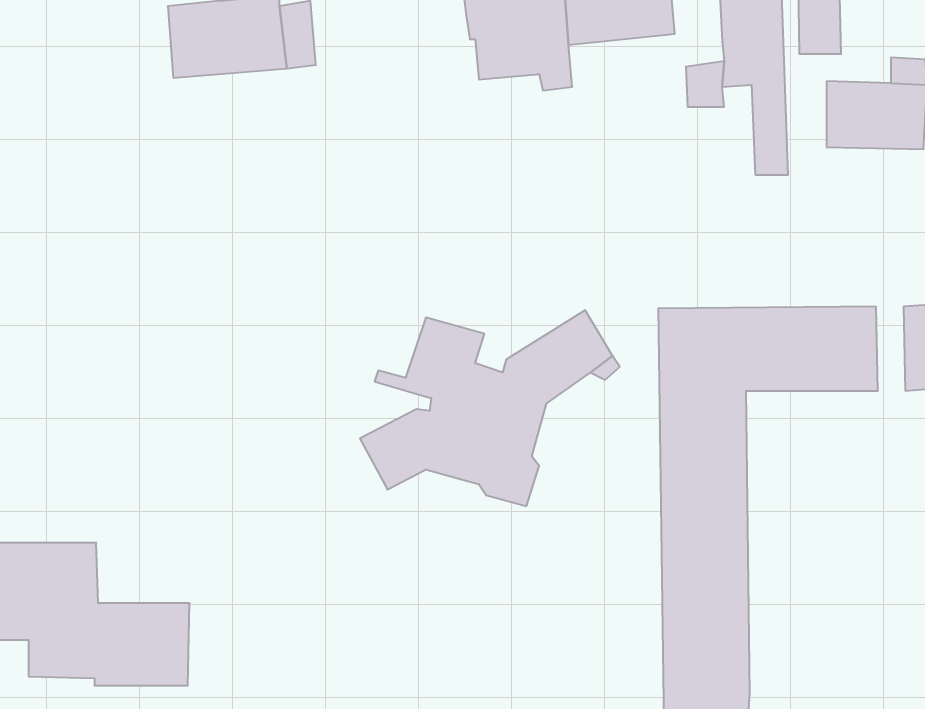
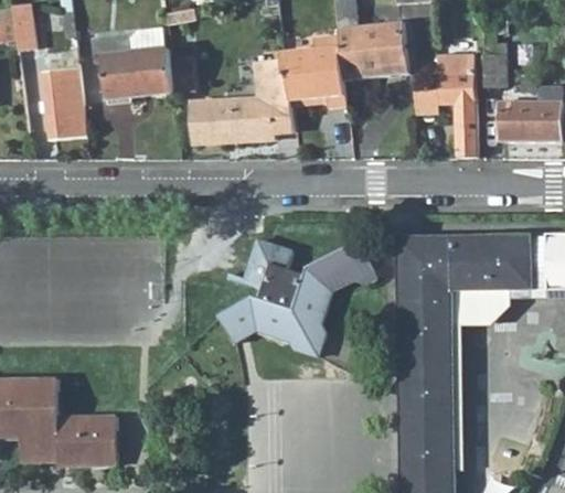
building: none -> [191,60,292,142]
building: none -> [42,64,84,140]
building: none -> [450,287,509,469]

